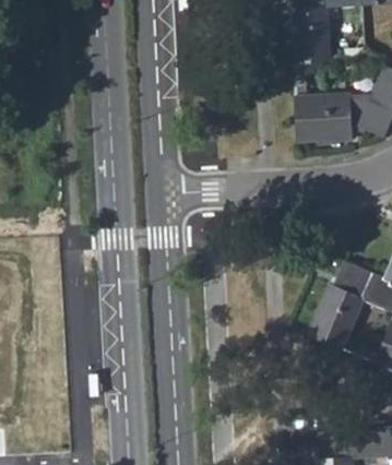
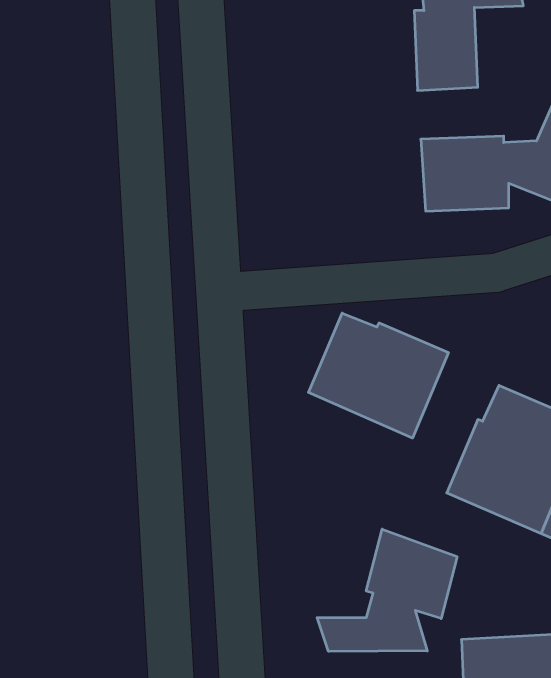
building: none -> [308,313,448,438]
building: none -> [317,529,457,651]

